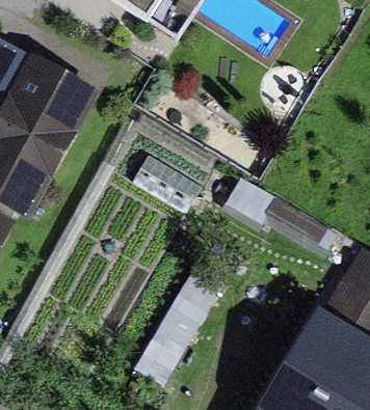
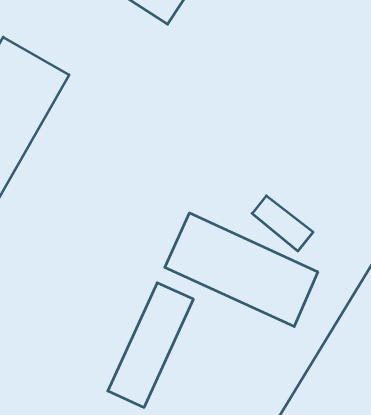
building: none -> [165,213,318,327]

